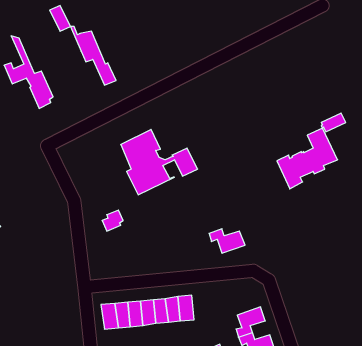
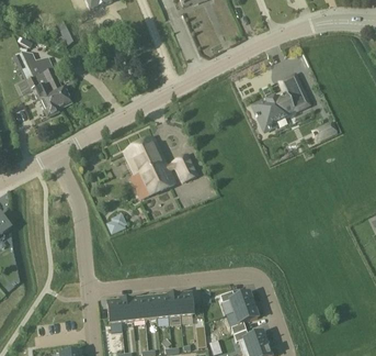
building: [71,27,116,85] -> [29,51,71,105]
building: [277,128,338,189] -> [251,74,308,131]
building: [209,229,245,253] -> [221,288,255,311]

